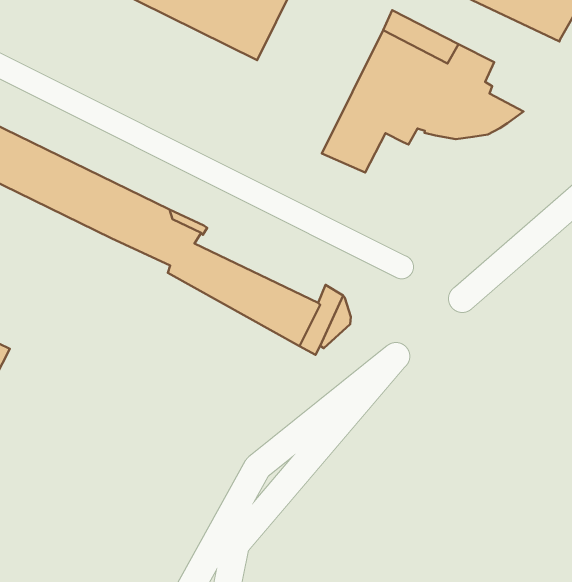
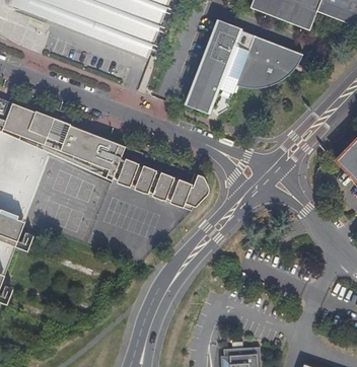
building: none -> [271,44,302,69]

